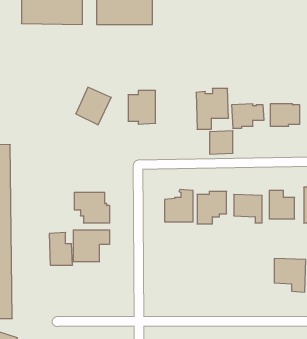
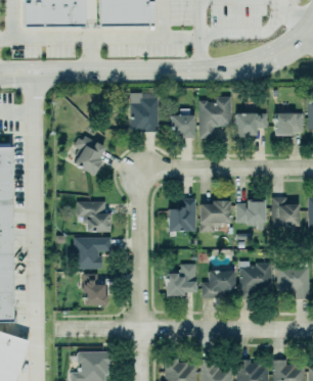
building: [76,87,111,125] -> [73,137,108,175]
building: [210,131,233,154] -> [172,114,195,138]
building: [49,232,73,265] -> [84,273,107,305]
building: none -> [166,263,197,295]
building: none -> [241,263,273,298]
building: none -> [203,269,235,296]

